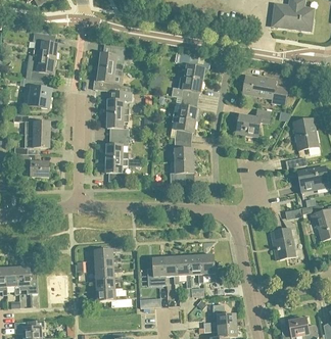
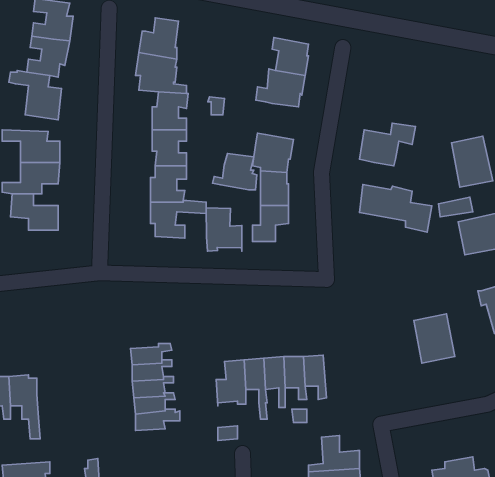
building: [242,76,287,105] -> [360,185,432,232]
building: [172,98,199,120] -> [213,154,257,190]
building: none -> [206,208,242,251]

